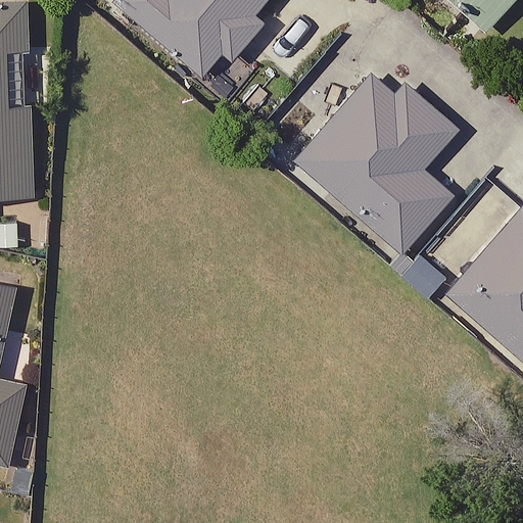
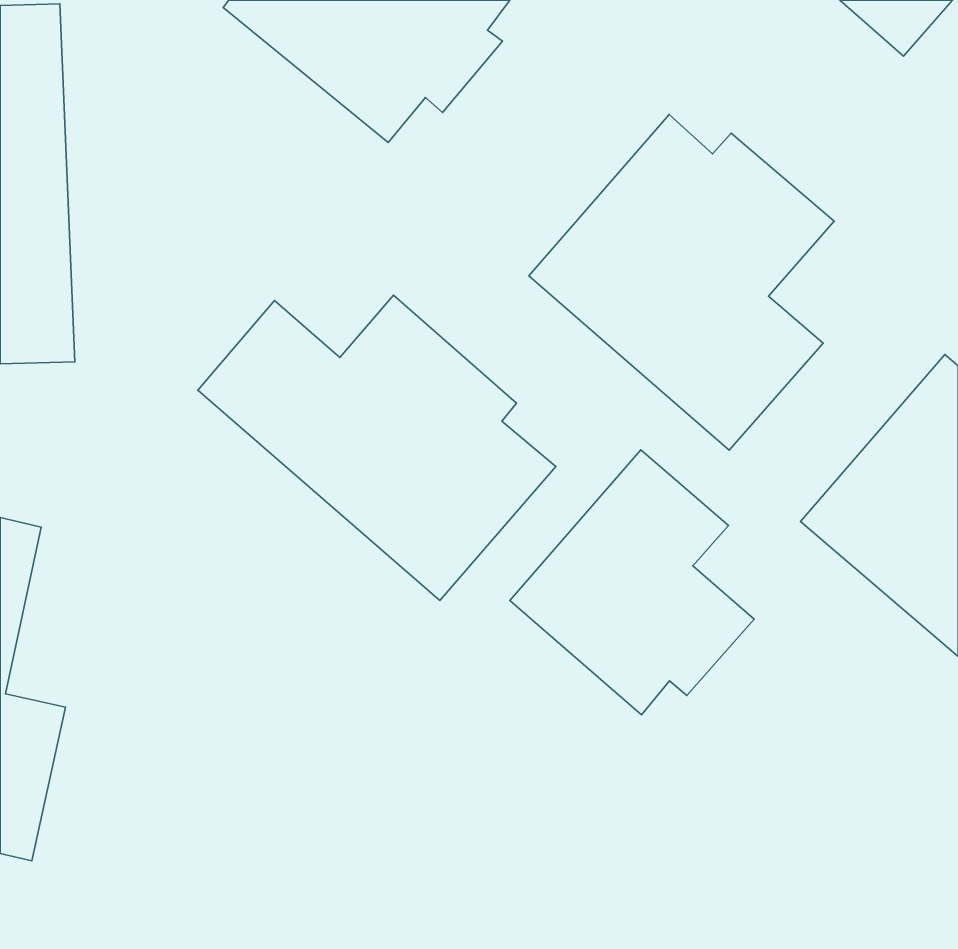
building: none -> [198,295,556,601]
building: none -> [510,450,754,715]

